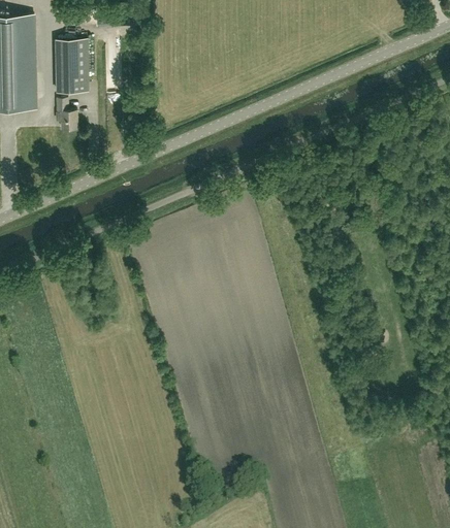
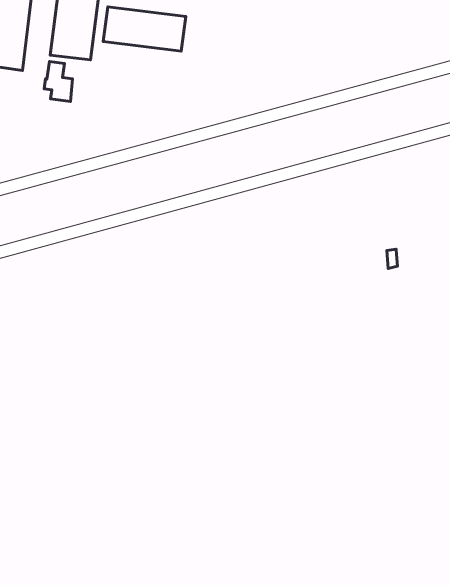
building: none -> [103,7,186,51]

